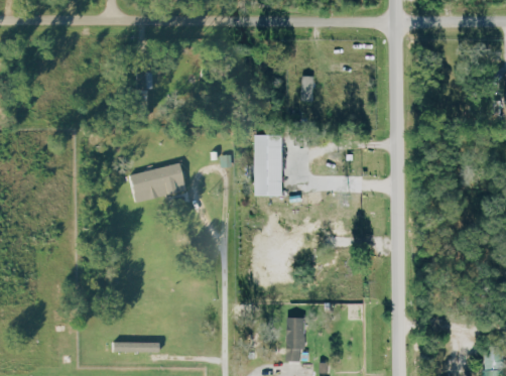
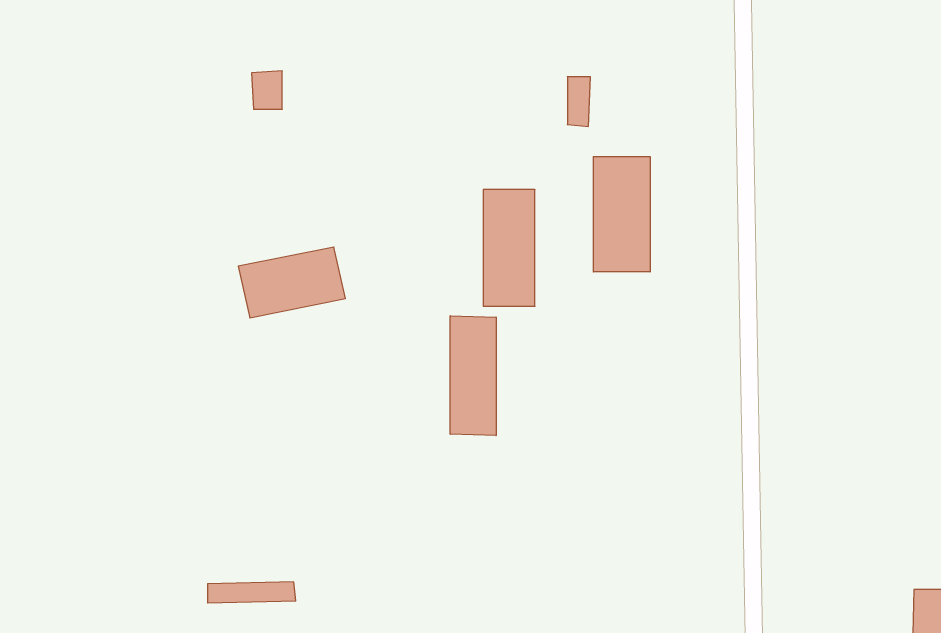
building: none -> [593,157,650,272]
building: none -> [450,316,496,436]
building: [285,317,304,361] -> none

